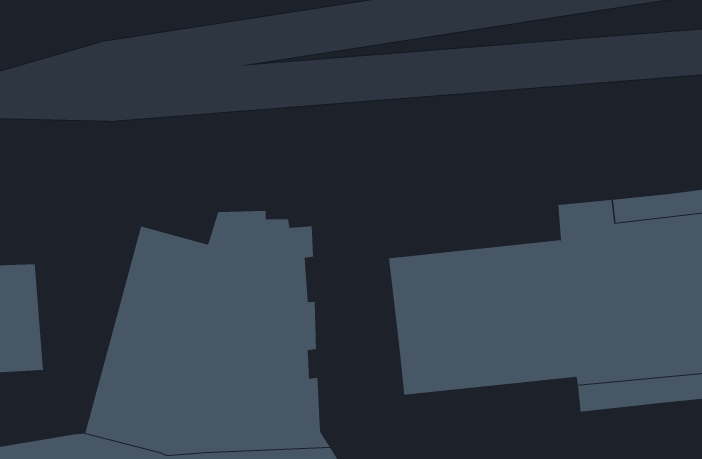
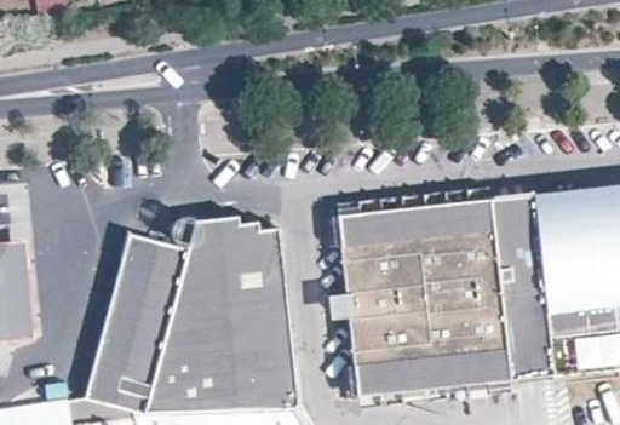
building: none -> [338,200,492,246]
building: none -> [356,349,509,395]

